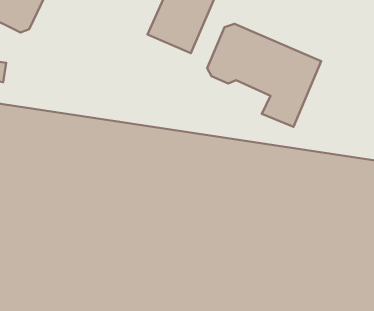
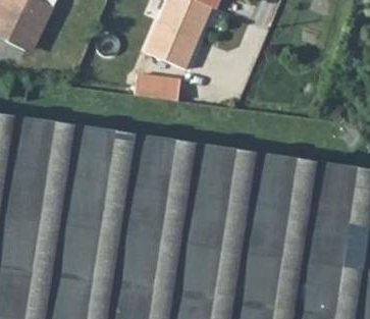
building: [207,24,321,127] -> none
building: none -> [135,71,181,98]

